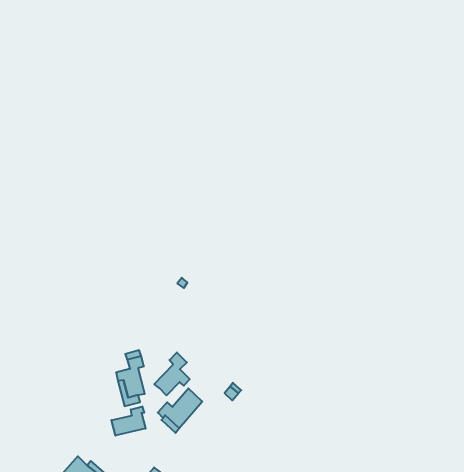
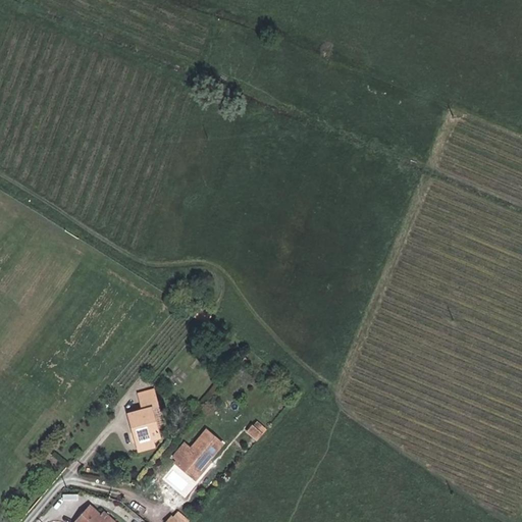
building: [154,352,190,395] -> none
building: [111,406,146,436] -> none

